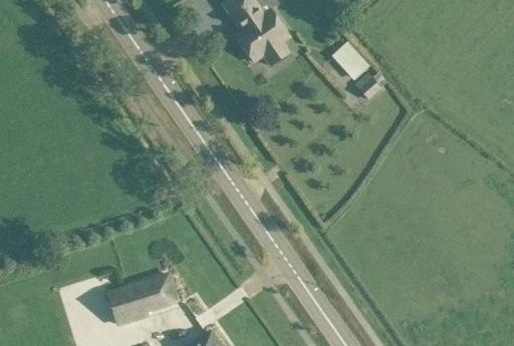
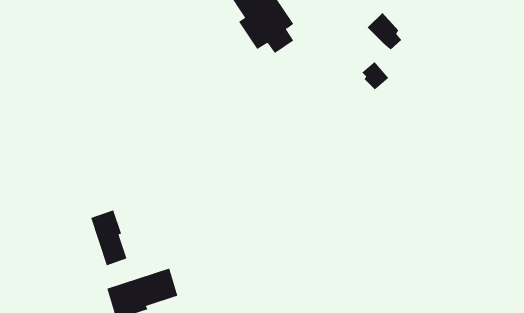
building: [331,41,365,78] -> [367,12,402,50]
building: none -> [90,209,127,266]

